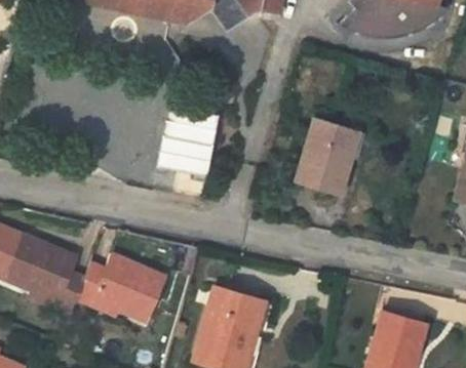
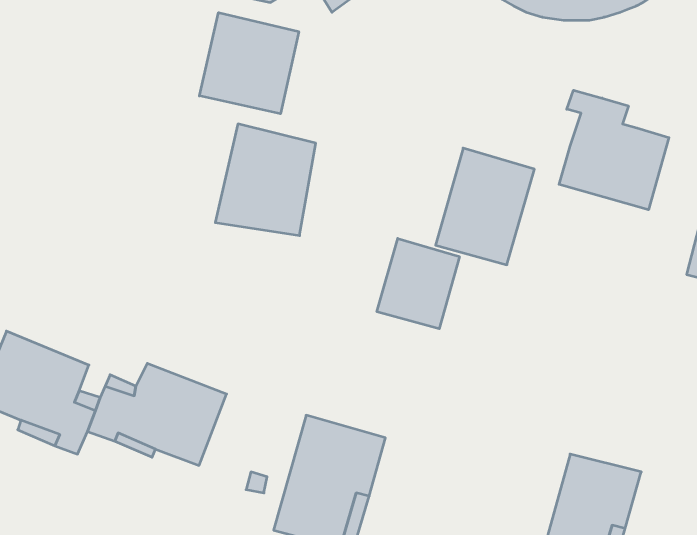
building: none -> [199,13,299,114]
building: none -> [559,90,669,210]
building: none -> [377,238,459,329]

